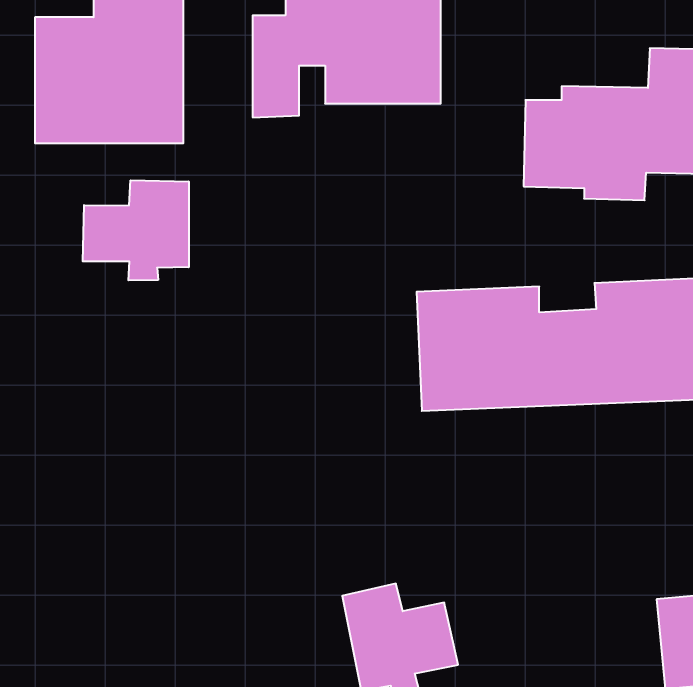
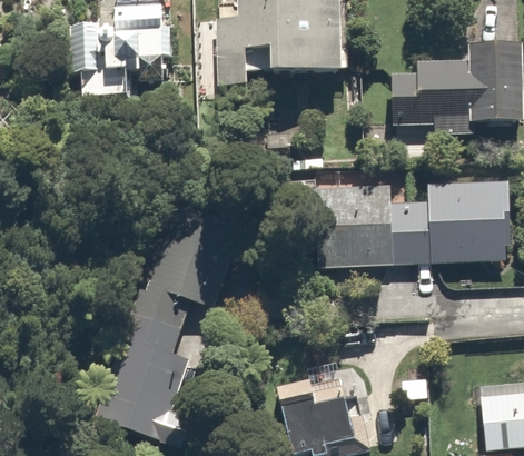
building: [83,180,189,280] -> none
building: none -> [103,210,239,437]

